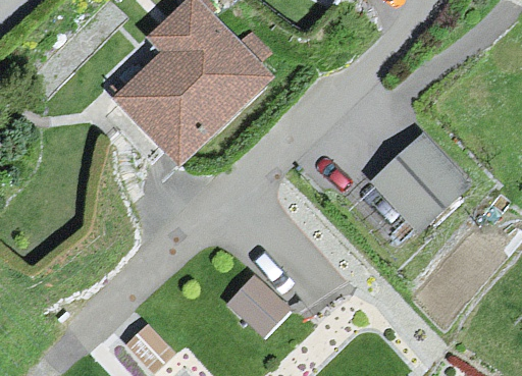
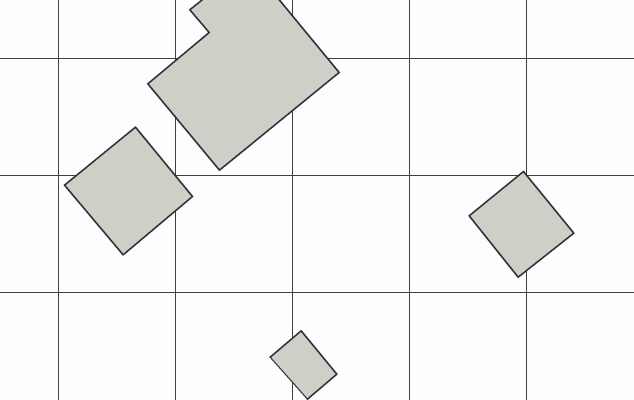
building: none -> [64,127,193,255]

